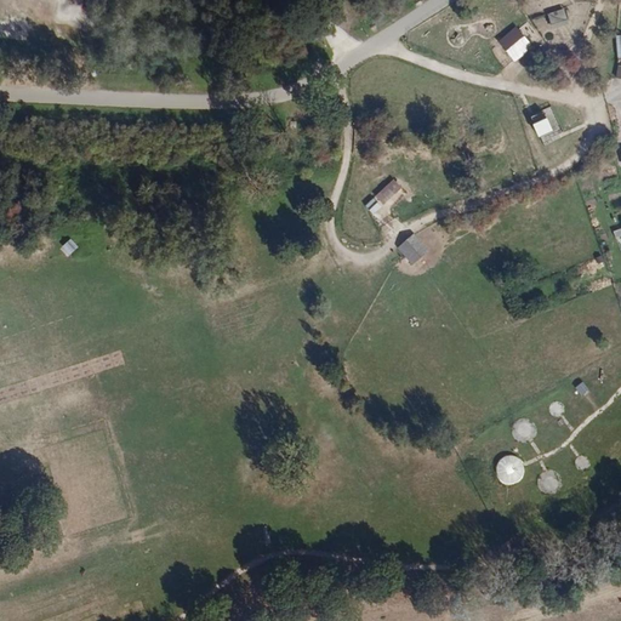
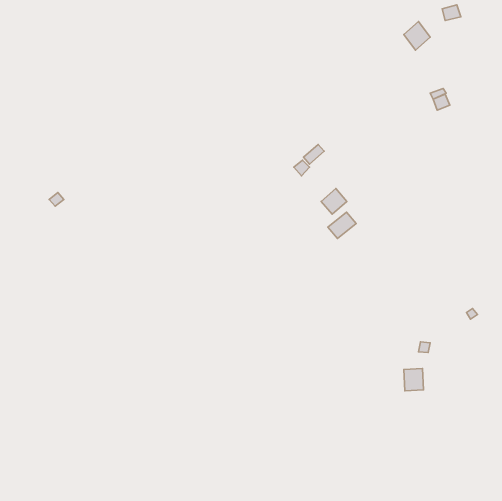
building: none -> [328,212,356,238]

